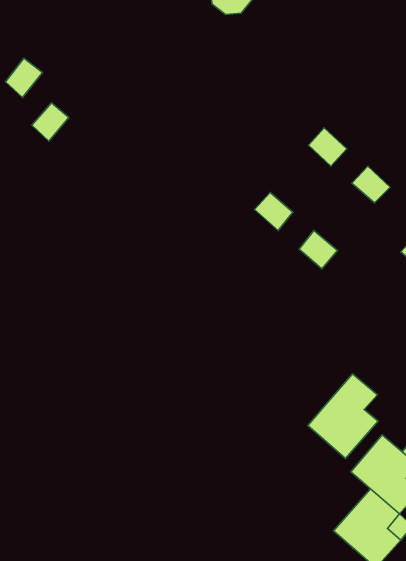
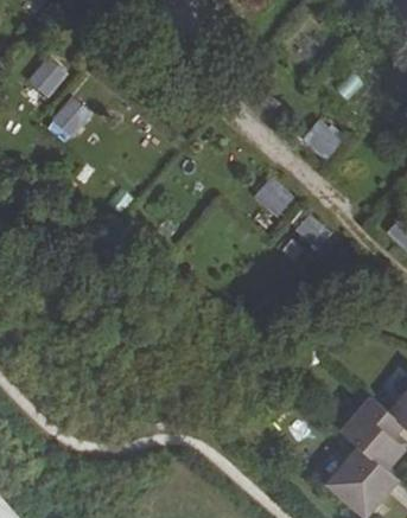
building: [308,374,378,459] -> none

